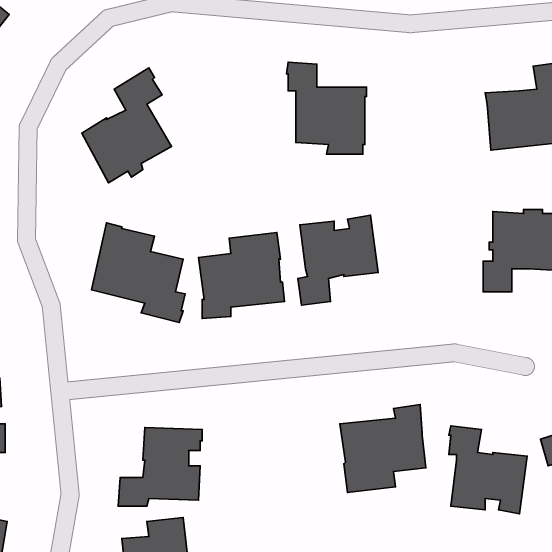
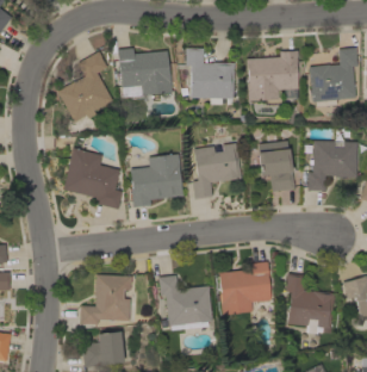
building: none -> [117,48,173,98]
building: none -> [247,50,299,101]
building: none -> [259,149,296,192]
building: none -> [157,275,212,330]

